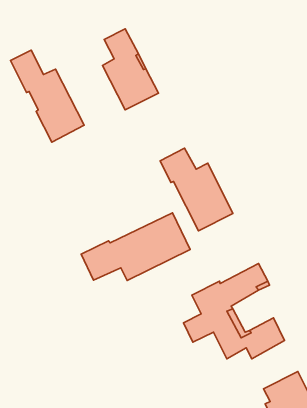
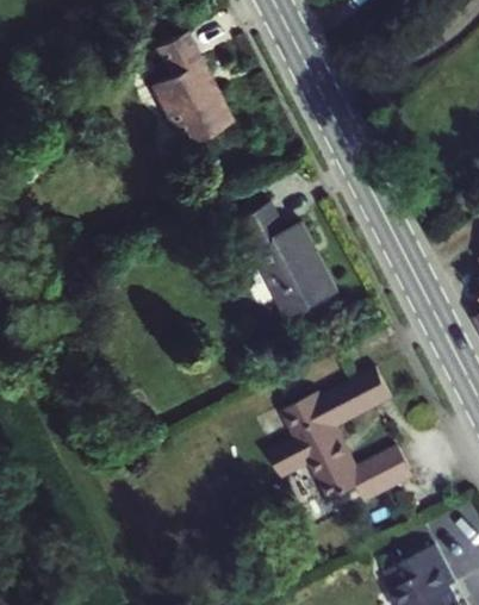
building: [11,50,84,142] -> none
building: [81,213,190,280] -> none

